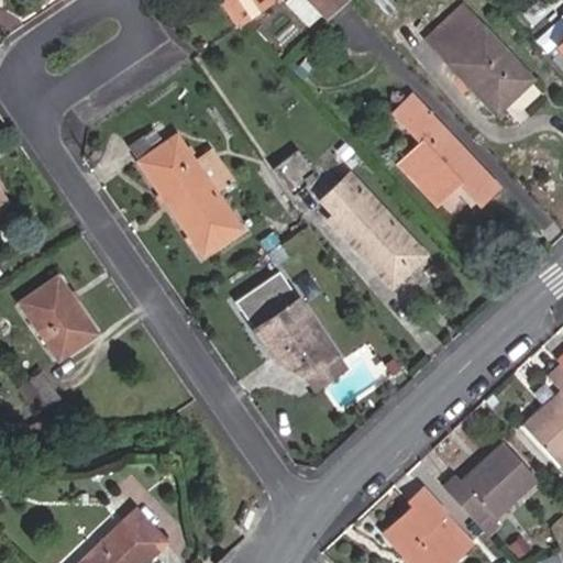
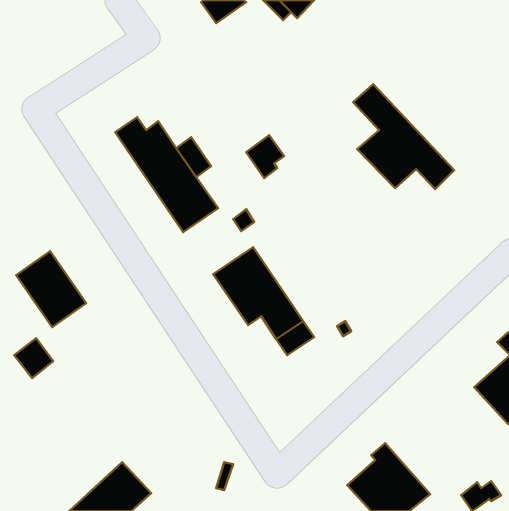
building: [432,5,533,113] -> none
building: [324,175,426,287] -> none
building: [443,440,538,537] -> none

